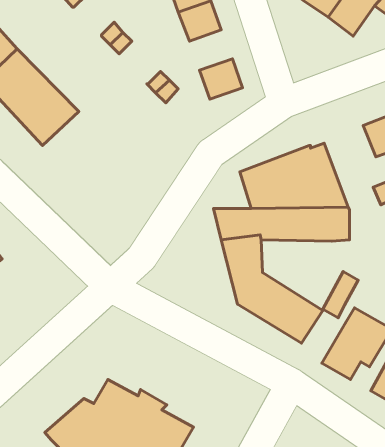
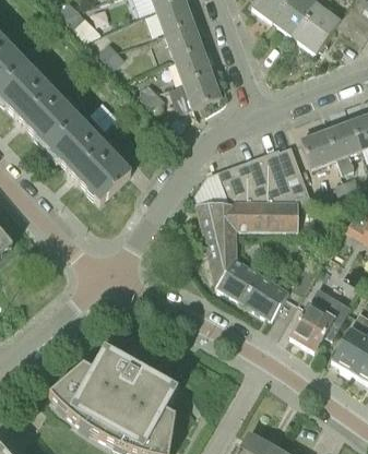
building: none -> [175,48,212,83]
building: none -> [47,119,131,204]
building: none -> [300,131,336,168]

